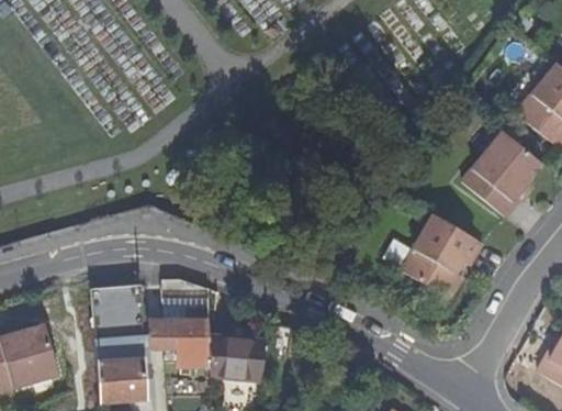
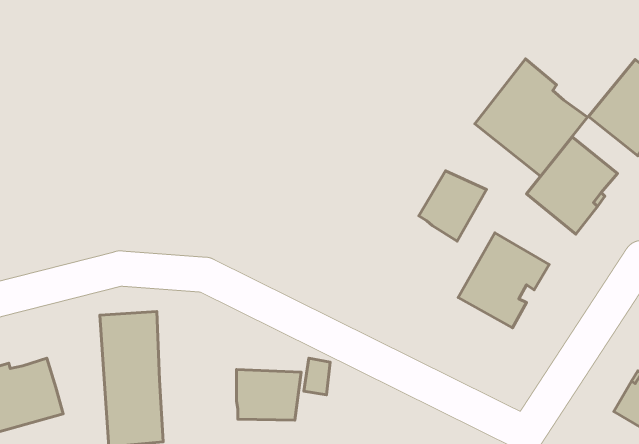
building: none -> [475,59,587,176]
building: none -> [419,171,487,241]
building: [147,287,210,363] -> none

